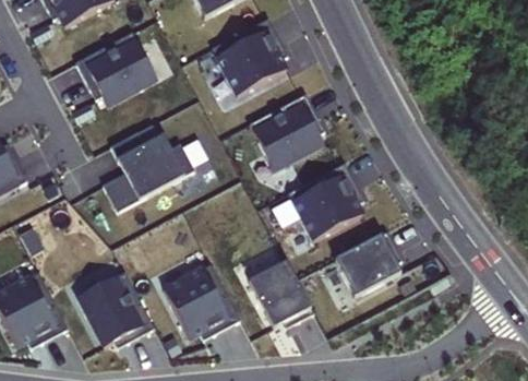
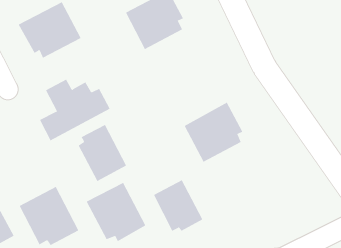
building: [248,94,324,171] -> none
building: none -> [78,124,127,182]
building: [334,231,400,297] -> none

